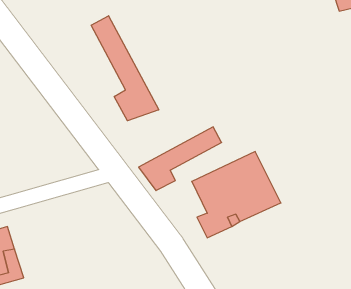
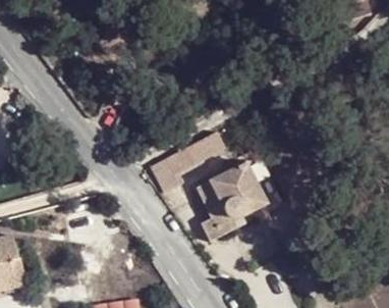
building: [91,16,159,121] -> none

